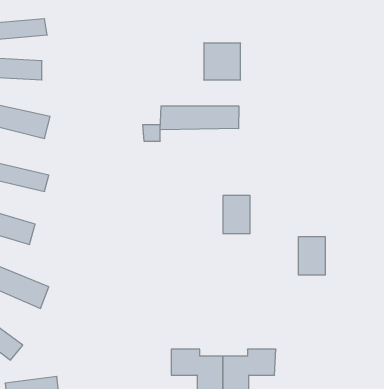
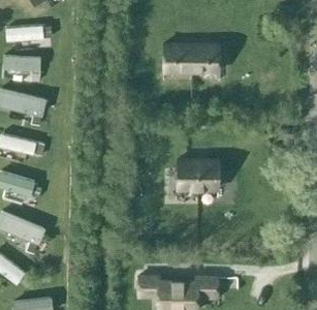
building: none -> [191,43,220,71]
building: [160,106,239,130] -> none
building: [298,237,325,275] -> [198,159,219,188]

